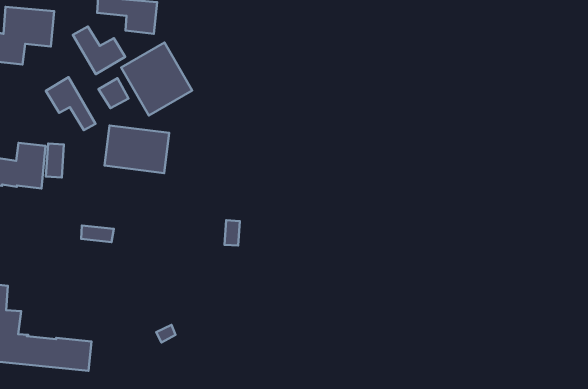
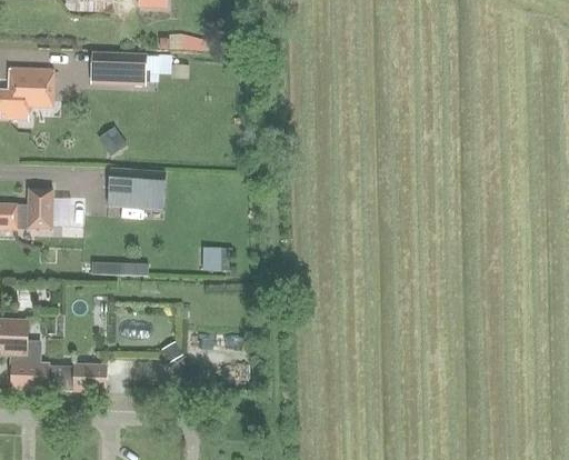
building: [73,26,125,74] -> none
building: [121,43,192,115] -> none
building: [46,77,96,130] -> none

